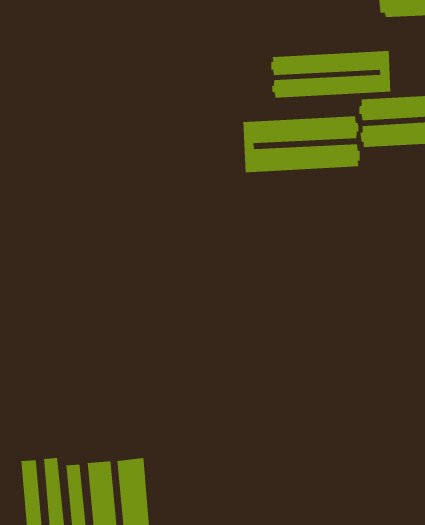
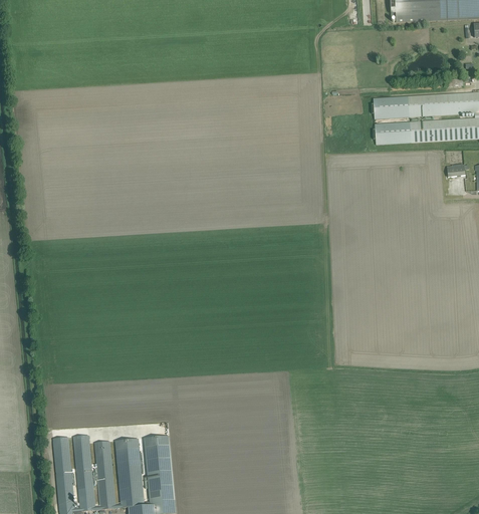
building: [270,50,391,99] -> none
building: [243,115,361,173] -> none

